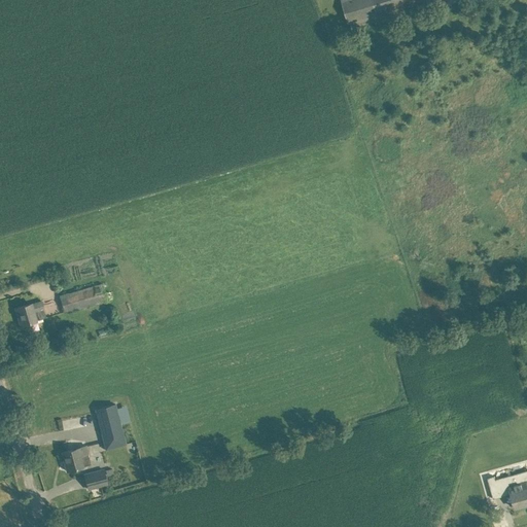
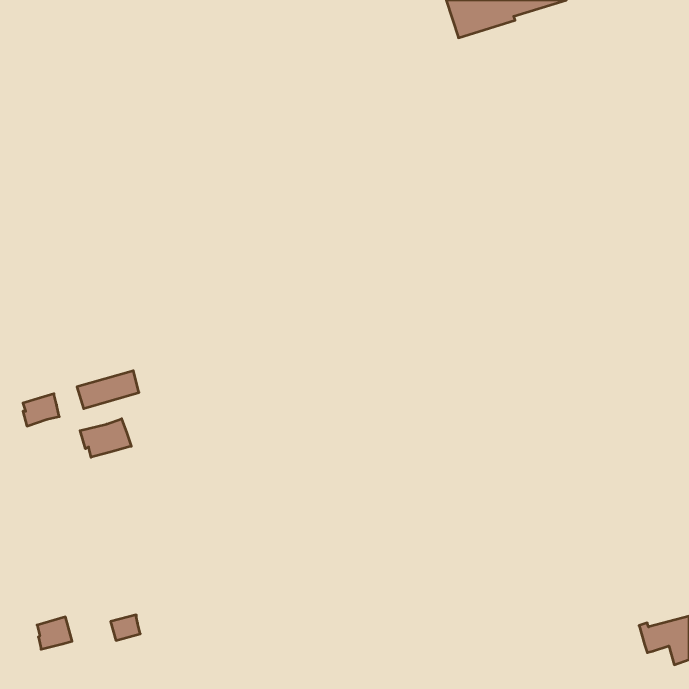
building: none -> [80,419,131,457]
building: [96,403,126,449] -> none
building: [64,446,91,470] -> [37,617,72,649]

